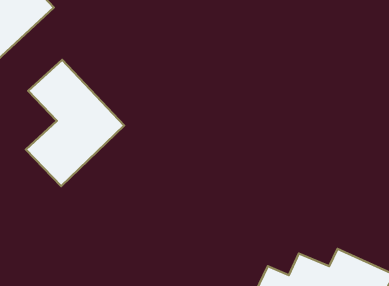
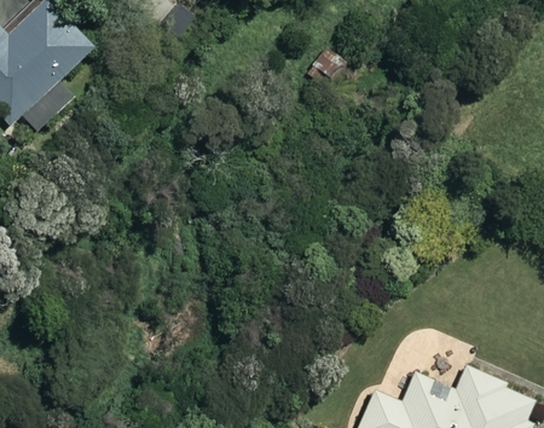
building: [26,60,124,186] -> none

